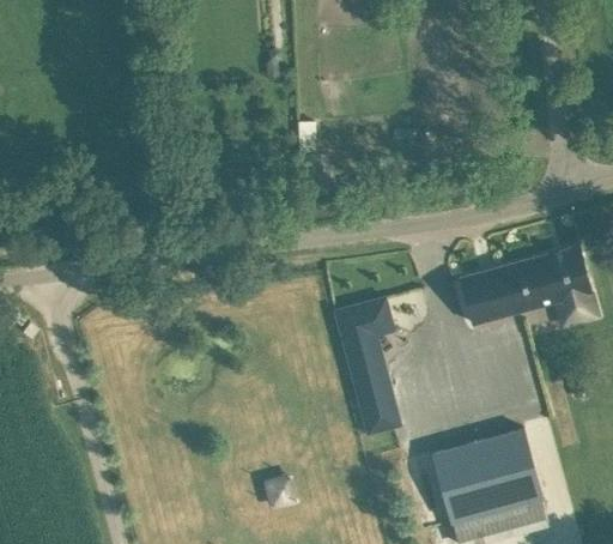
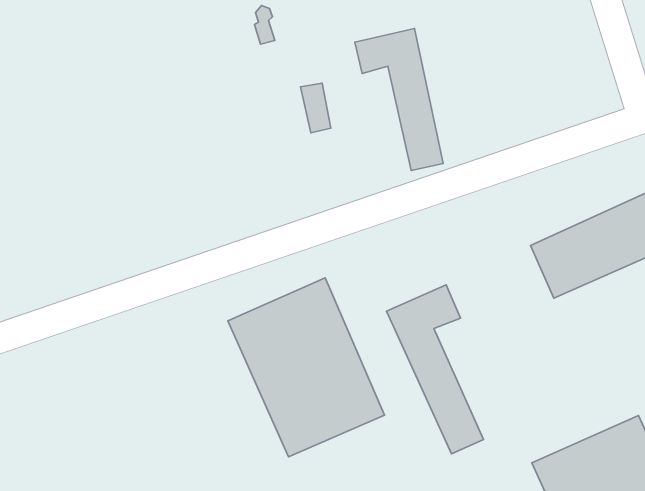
building: none -> [355,29,443,171]
building: none -> [228,278,384,457]

